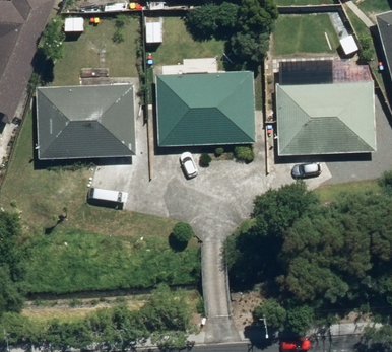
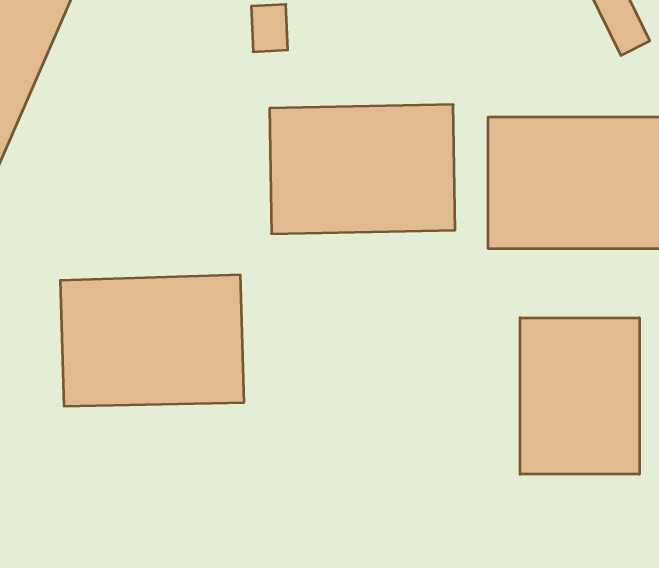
building: [34,85,136,158] -> [60,275,244,406]
building: none -> [520,318,639,474]

